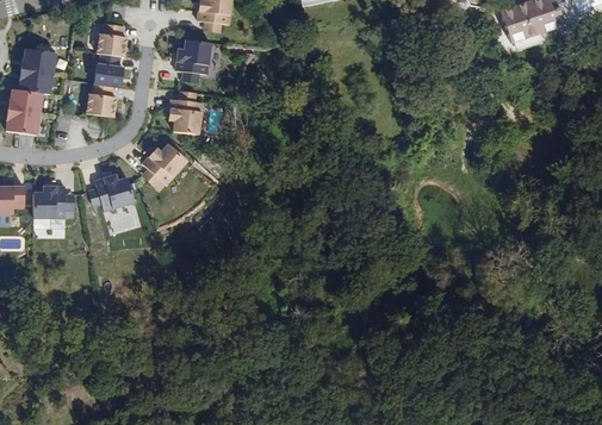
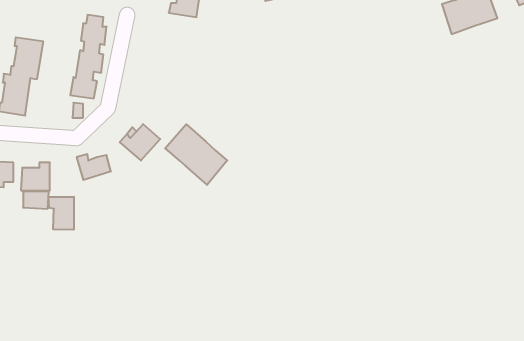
building: [175,38,210,73] -> none
building: [168,99,200,133] -> none
building: none -> [165,124,227,185]
building: none -> [48,197,74,230]

